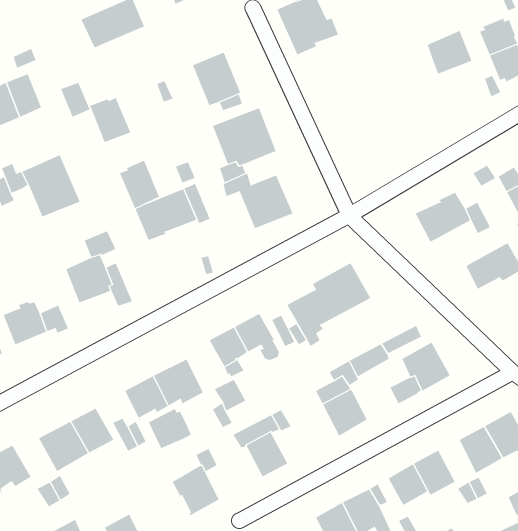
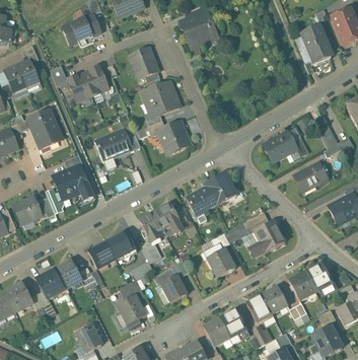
building: [427,30,472,74] -> none
building: [119,160,160,209] -> [83,66,108,95]
building: [148,408,192,449] -> none

